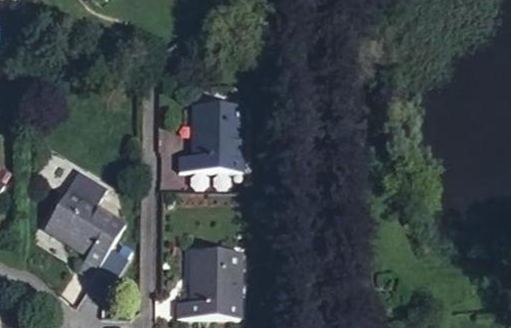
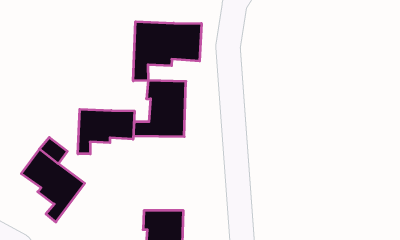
building: none -> [133,22,201,81]
building: none -> [78,109,134,154]

